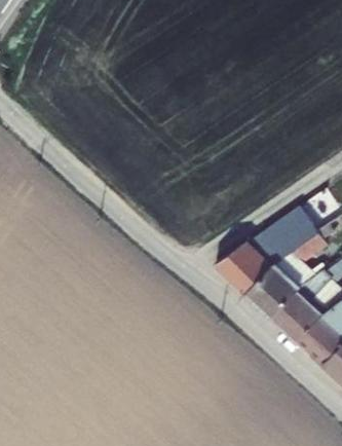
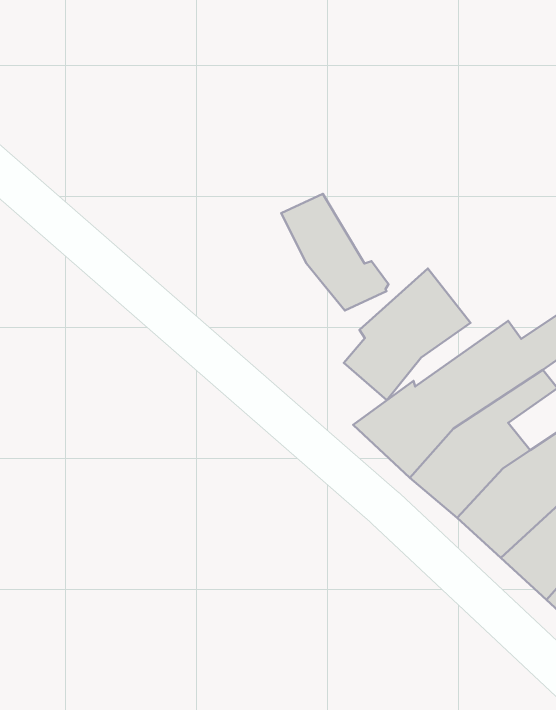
building: none -> [281,194,388,310]
building: none -> [344,268,471,400]

